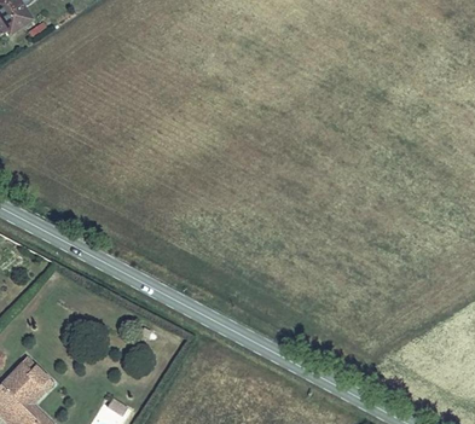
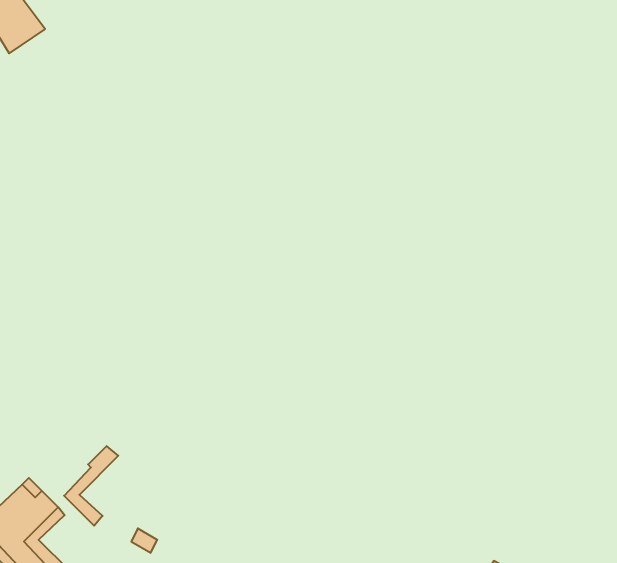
building: none -> [64,446,118,526]

